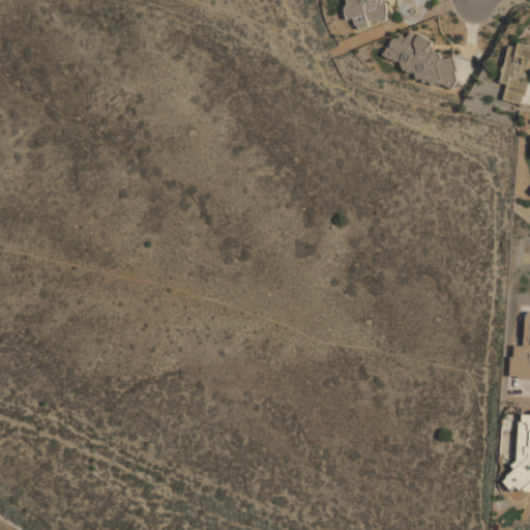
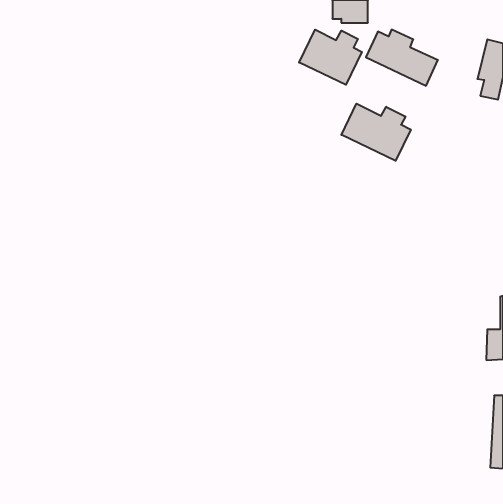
building: none -> [299,30,362,85]
building: none -> [341,104,411,161]

